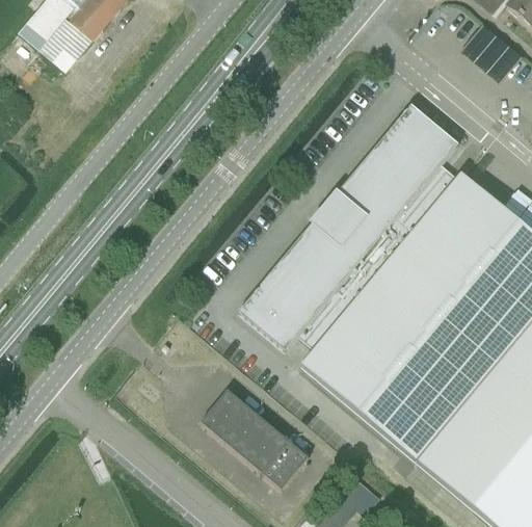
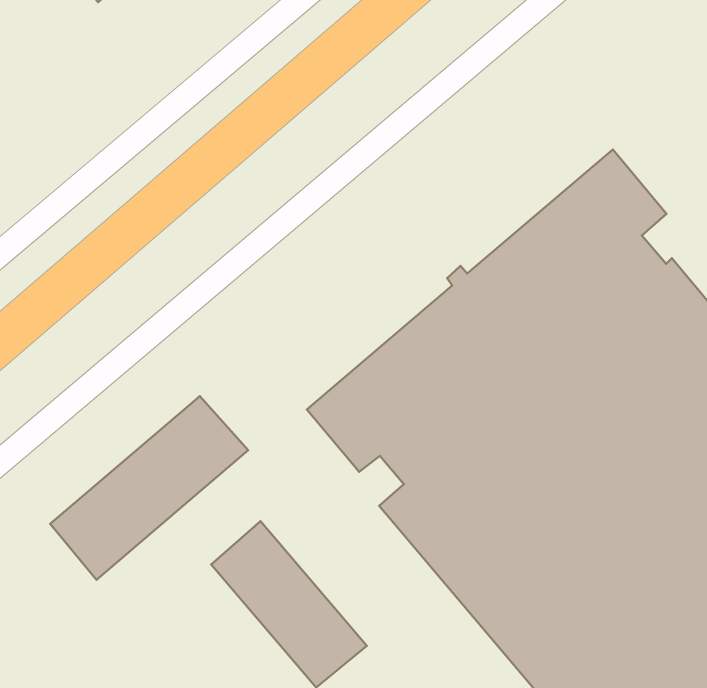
building: none -> [50,396,248,580]

